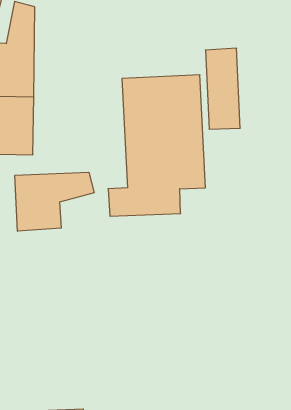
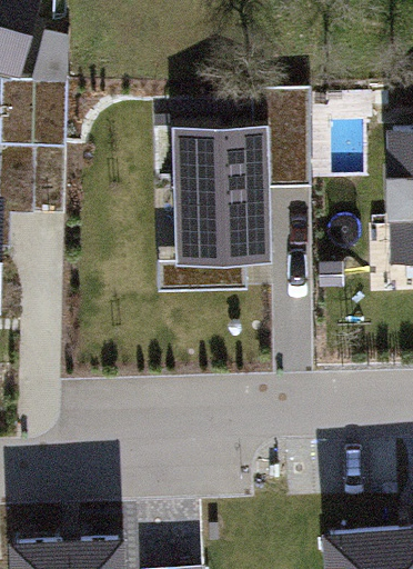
building: [15,172,94,231] -> none

